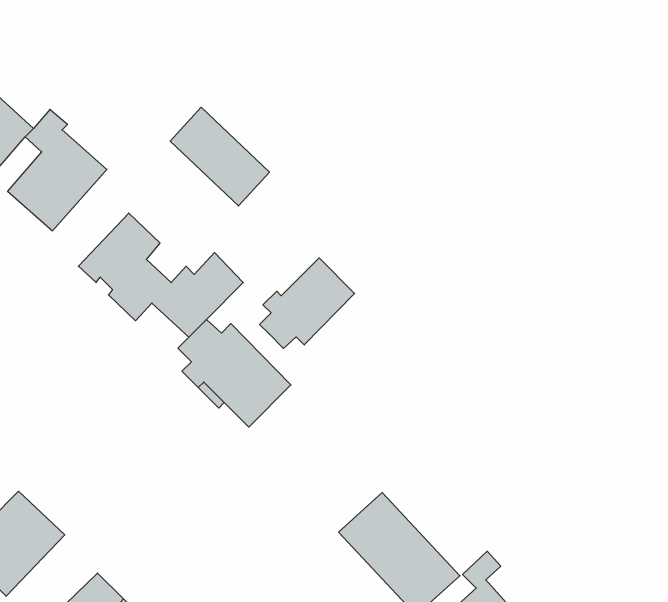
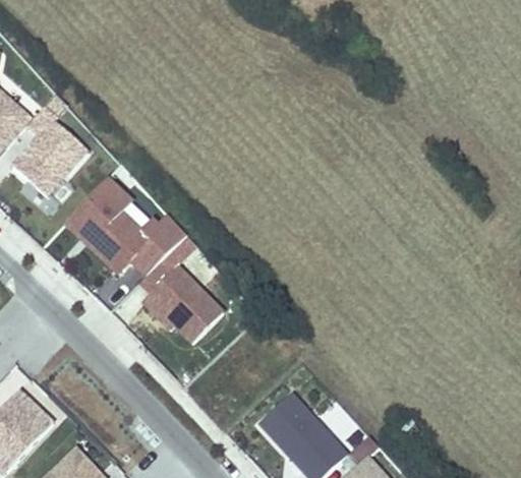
building: [170,107,269,206] -> none
building: [260,258,355,348] -> none

